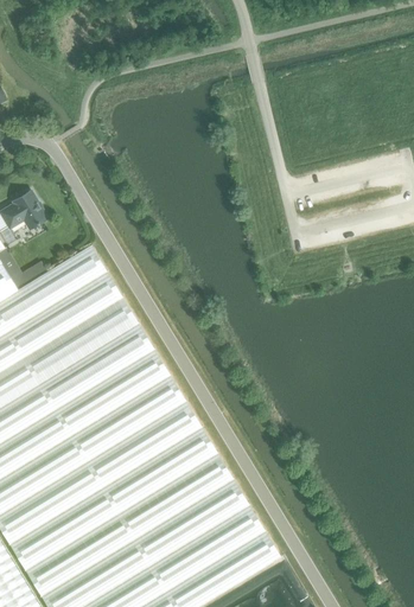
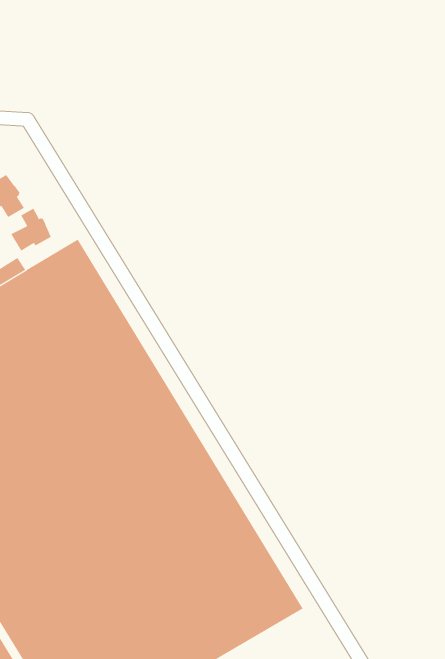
building: none -> [11,208,52,251]

